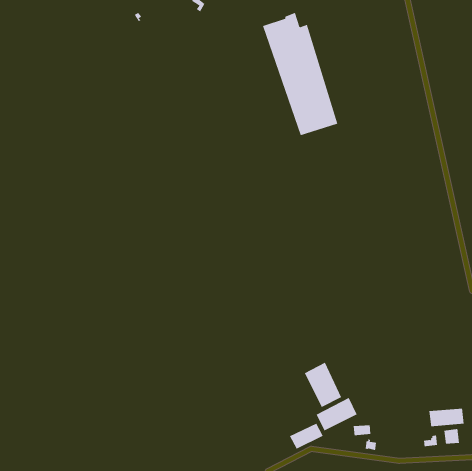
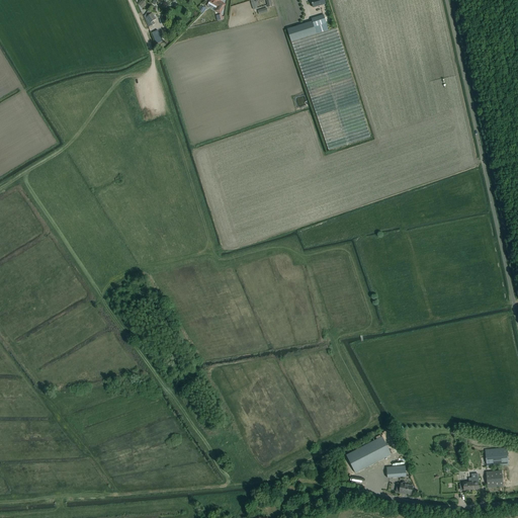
building: [304,362,342,408] -> none
building: [289,423,323,450] -> none

